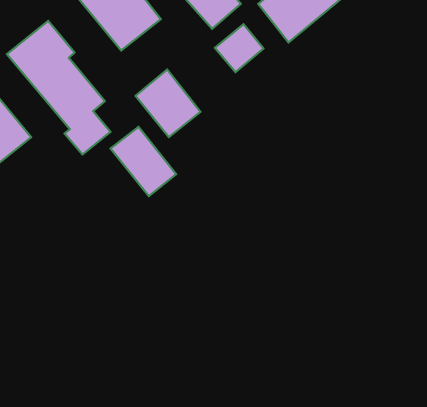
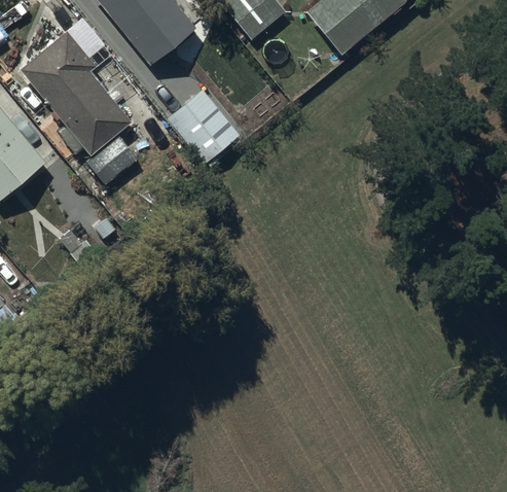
building: [215,24,263,72] -> none
building: [110,127,176,196] -> none

